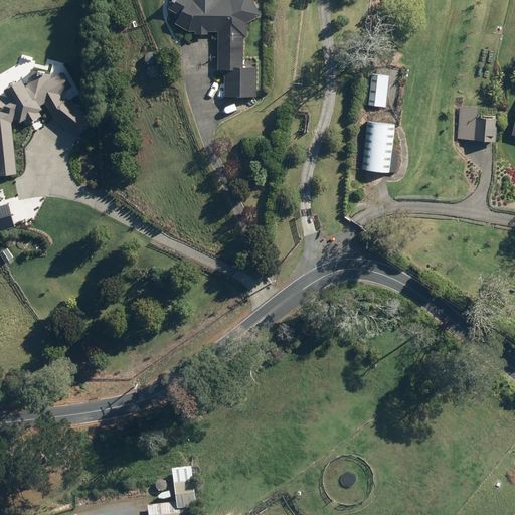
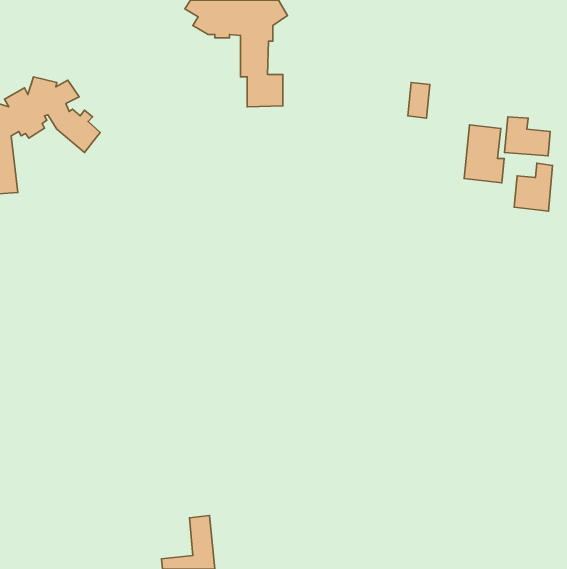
building: [361,121,397,173] -> [464,125,504,183]
building: none -> [514,163,553,211]

